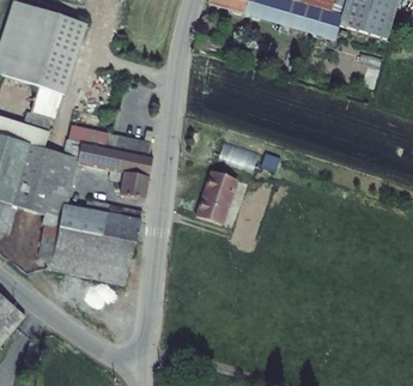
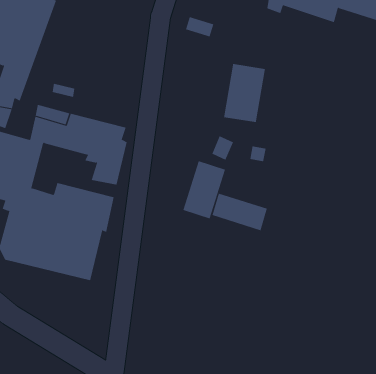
building: none -> [224,63,265,123]
building: none -> [212,193,268,231]

